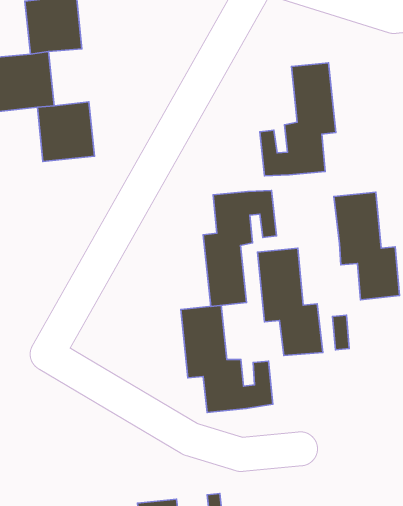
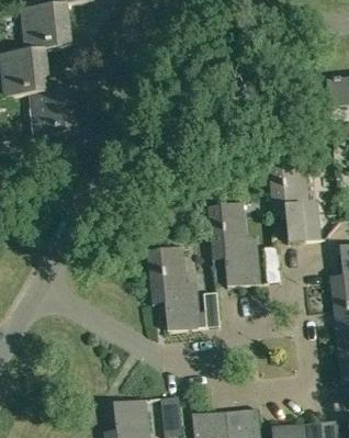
building: [260,63,336,176] -> none
building: [203,191,276,306] -> none

